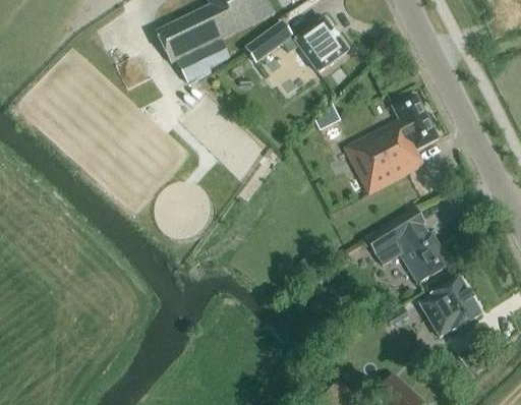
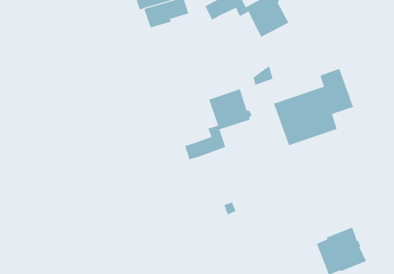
building: none -> [184,89,252,160]
building: [366,207,451,282] -> none

